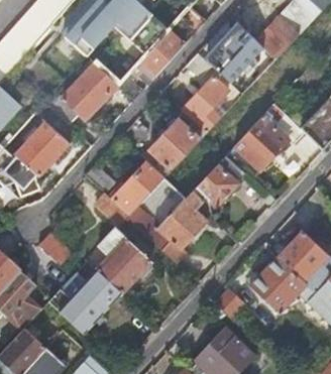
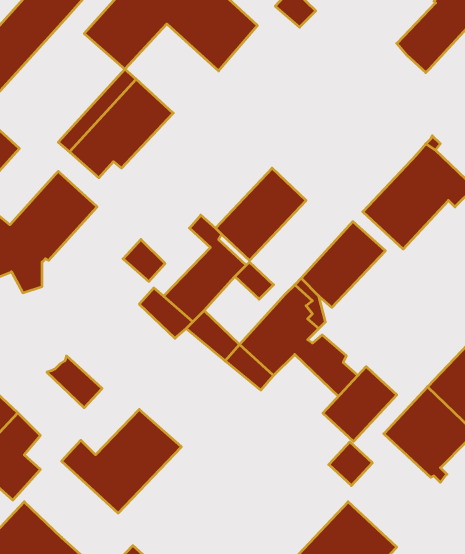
building: [205,23,262,83] -> none
building: [120,30,185,99] -> none
building: [182,77,228,133] -> none
building: [96,228,151,292] -> none
building: none -> [323,367,397,441]

